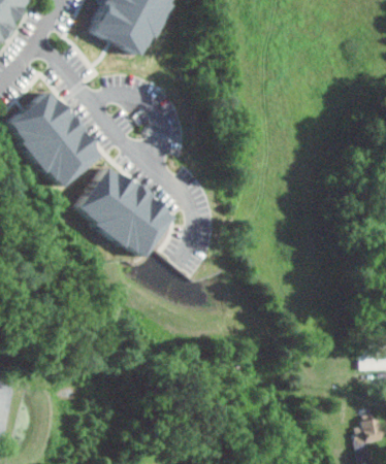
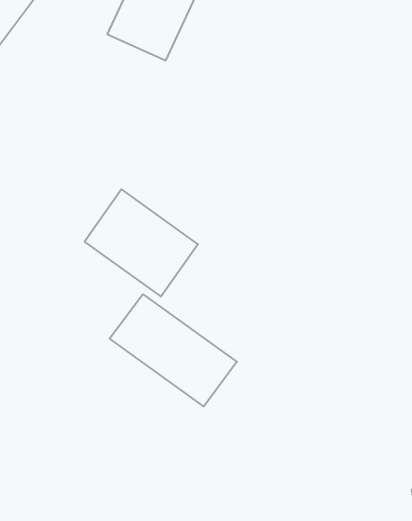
building: [8,92,100,189] -> none
building: none -> [110,294,237,406]

